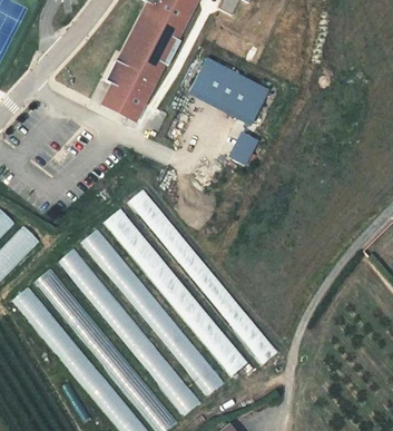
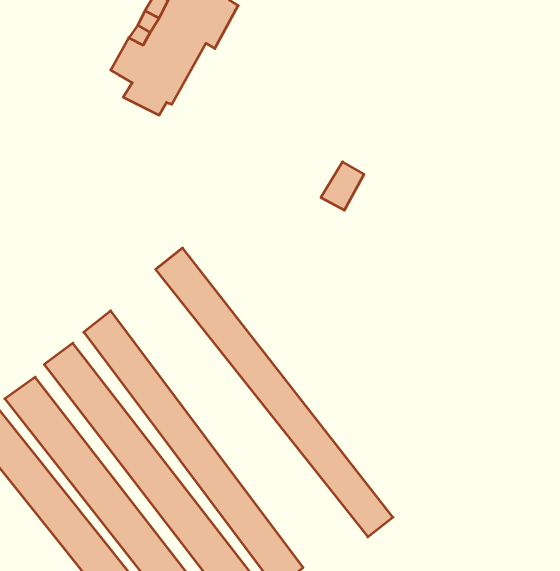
building: [194,61,269,125] -> none
building: [96,81,140,121] -> none
building: [107,208,248,380] -> none

